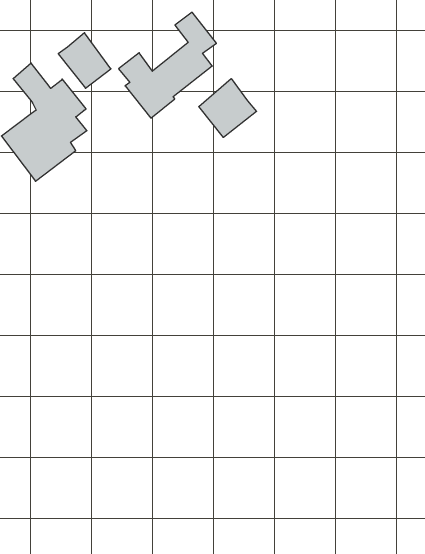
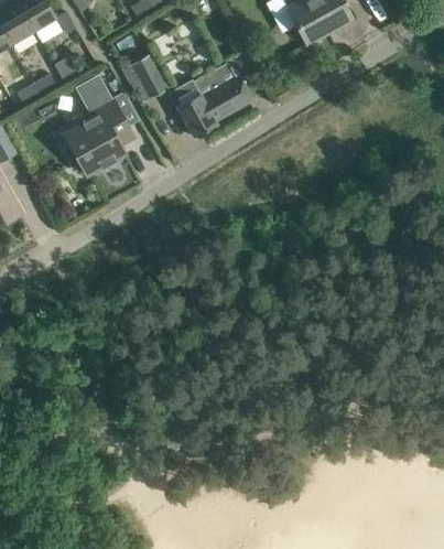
building: [199,79,257,137] -> none

